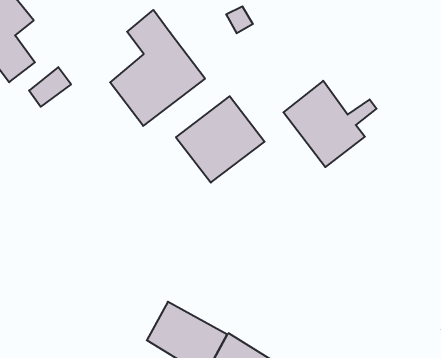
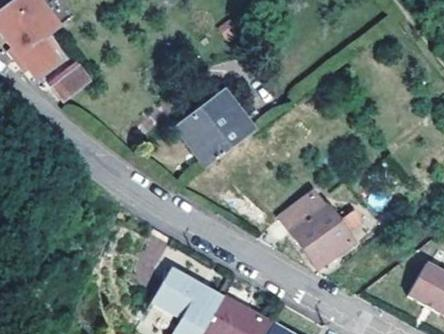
building: [110,10,205,126] -> none
building: [283,81,377,167] -> [280,192,360,266]

